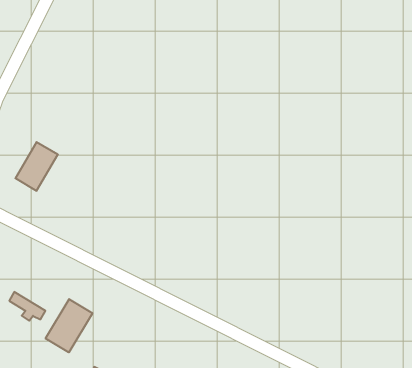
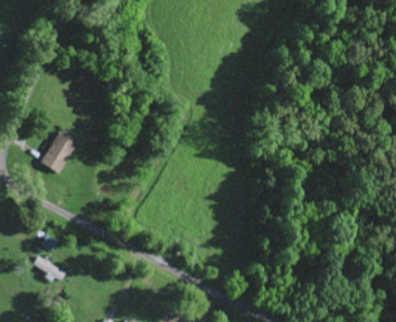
building: [46,299,92,352] -> none

